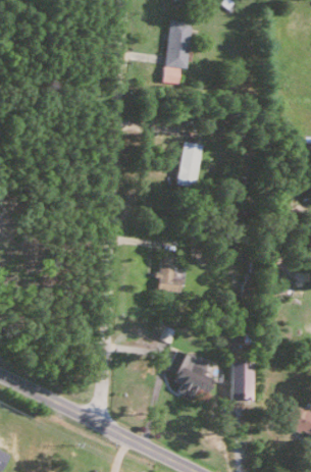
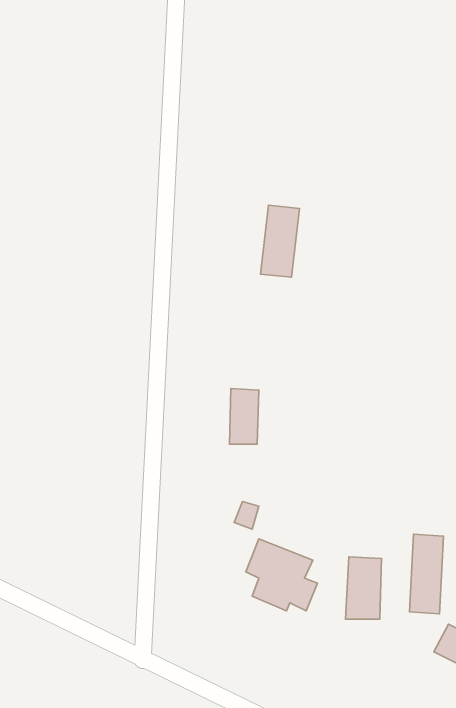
building: [165,20,191,69] -> none
building: none -> [410,534,443,614]

